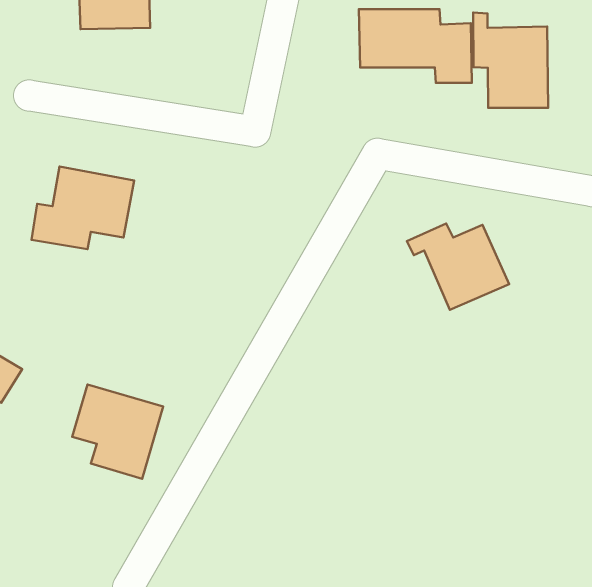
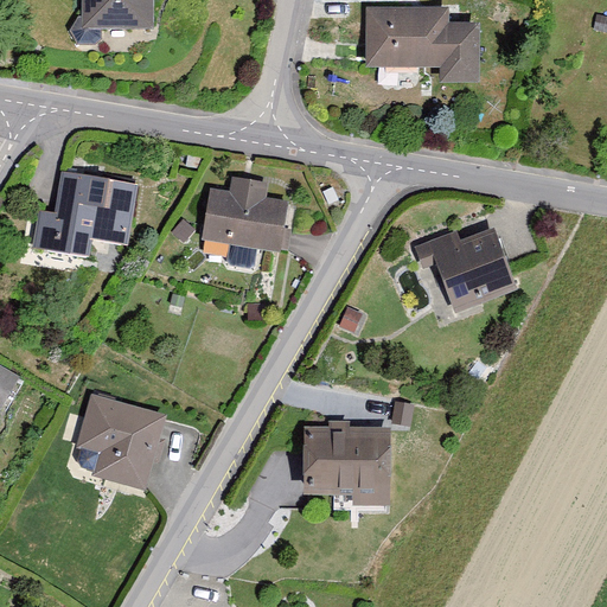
building: [473,13,548,108] -> none
building: none -> [200,175,292,251]
building: none -> [302,426,391,509]

